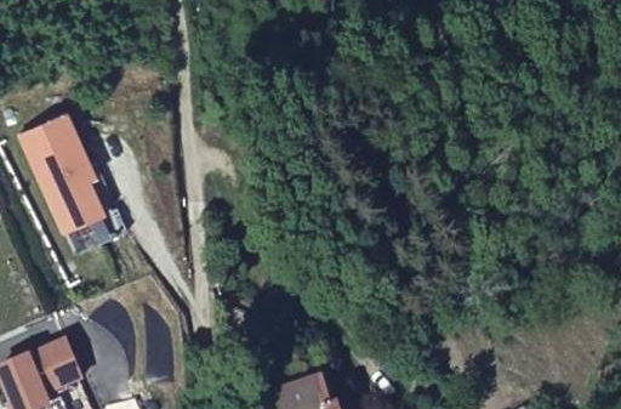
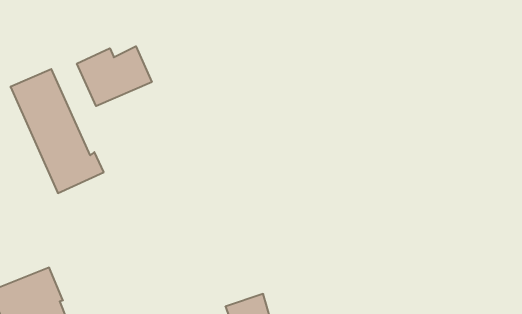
building: none -> [77,46,152,106]

